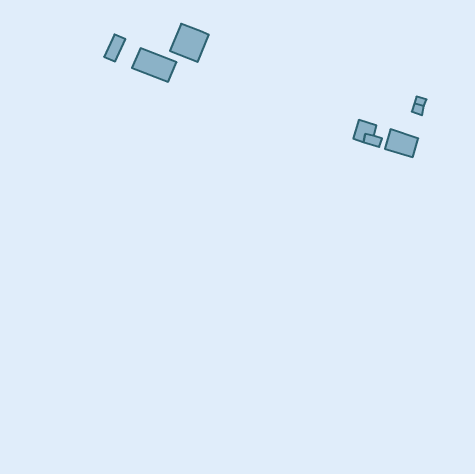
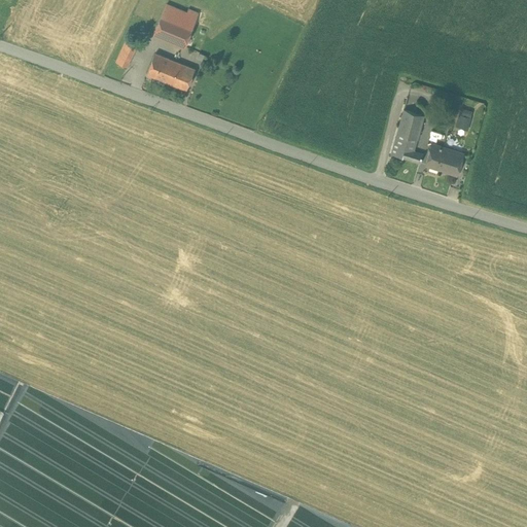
building: [170,24,209,62] -> [153,6,197,48]
building: none -> [397,110,424,140]

